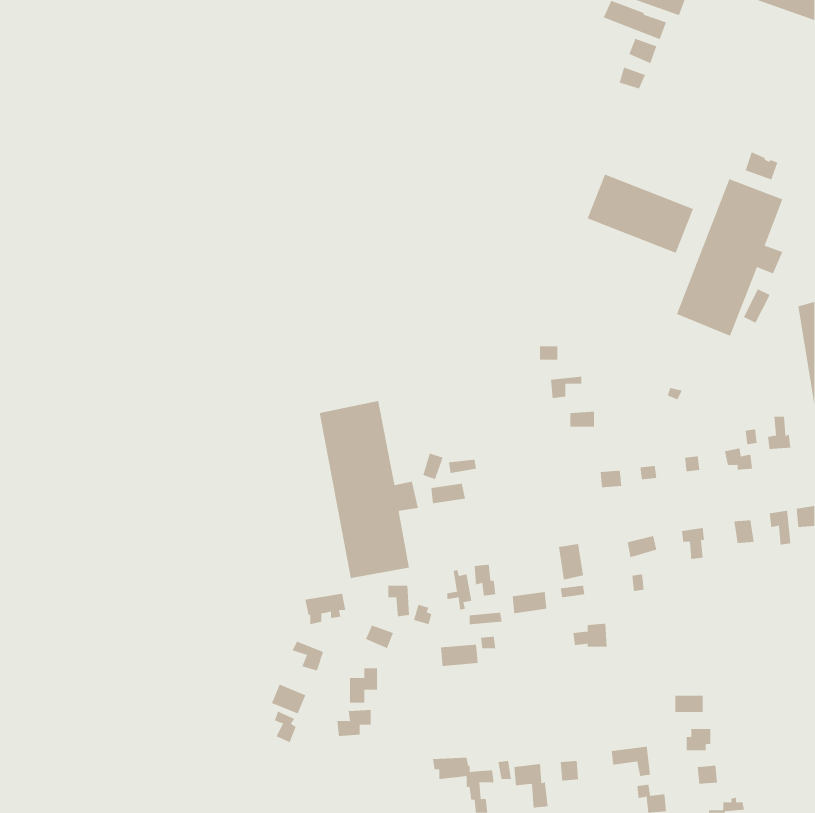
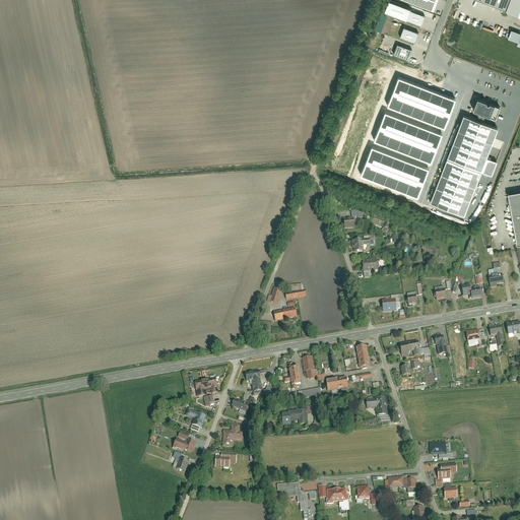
building: none -> [387,76,455,126]
building: none -> [361,145,429,196]
building: [319,400,418,579] -> none

